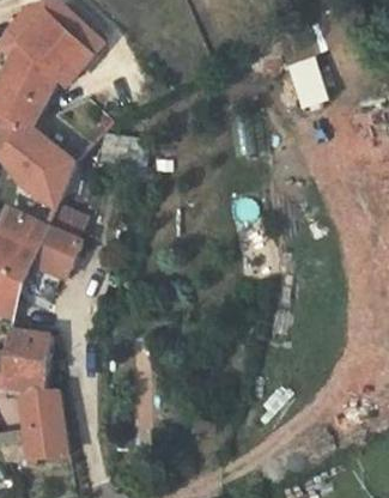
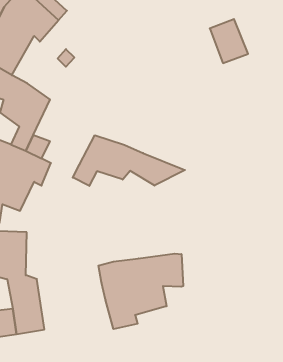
building: none -> [73,135,185,186]
building: none -> [98,254,183,329]

